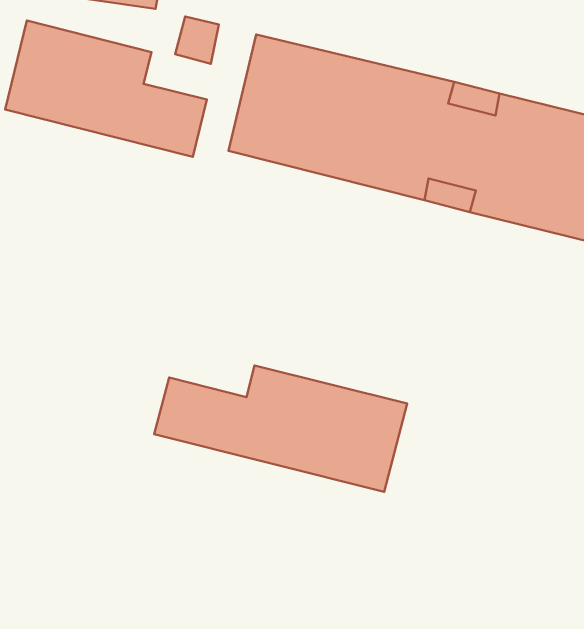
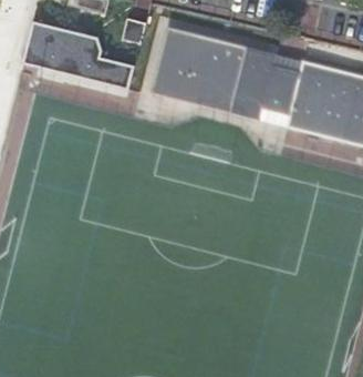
building: [154,366,407,492] -> none

